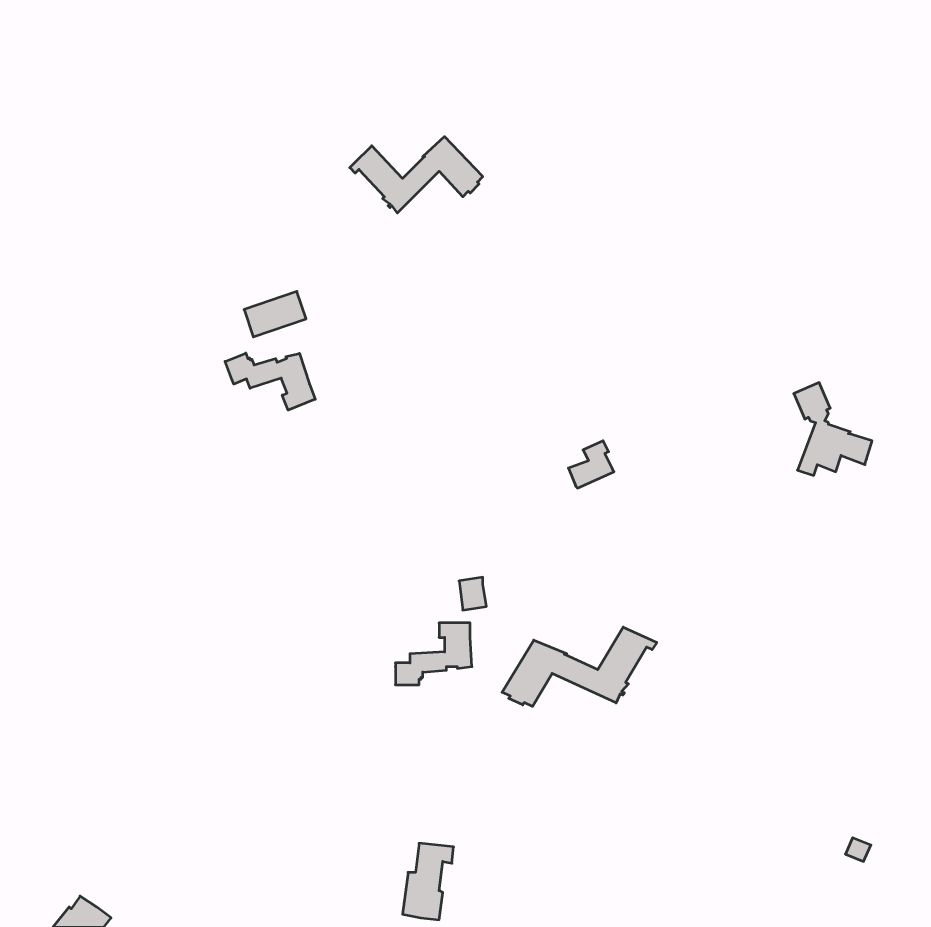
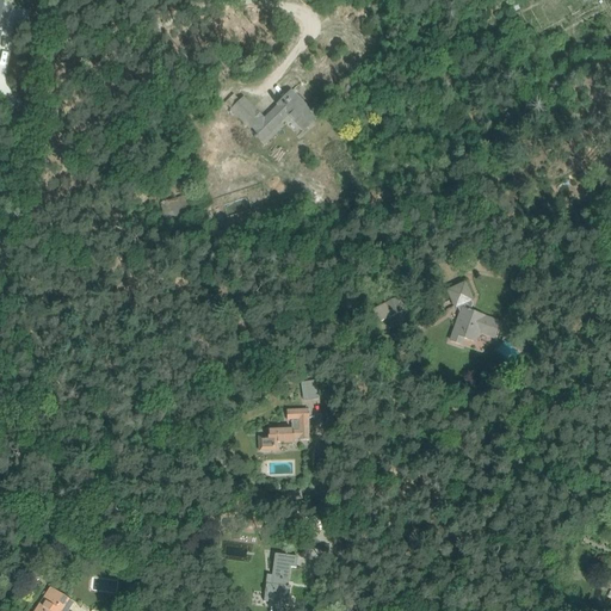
building: [225,353,315,410] -> none
building: [794,383,872,475] -> [448,282,499,342]
building: [502,627,657,706] -> none

